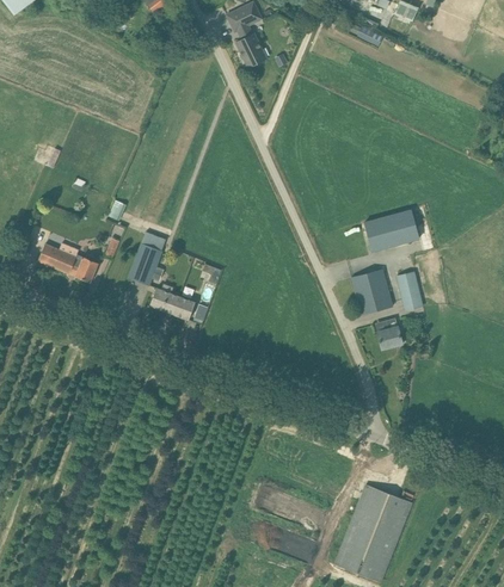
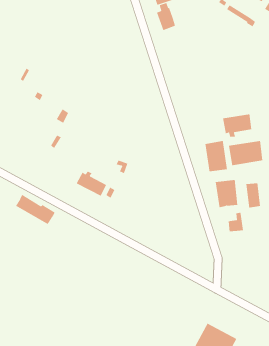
building: none -> [223,114,252,138]
building: none -> [205,140,228,172]
building: [128,230,167,285] -> none
building: [38,242,98,282] -> [15,194,56,225]

